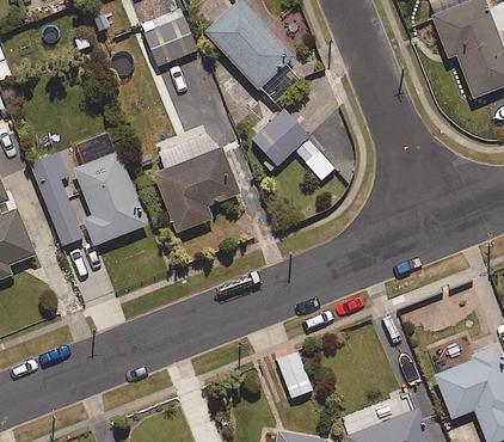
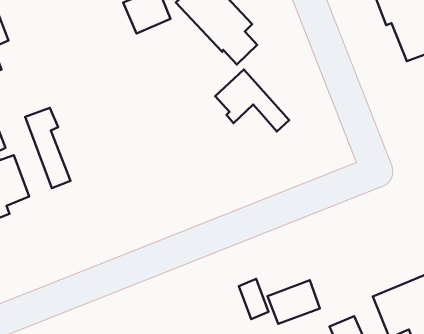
building: [153,125,239,233] -> none
building: [70,151,147,247] -> none
building: none -> [267,280,320,324]

